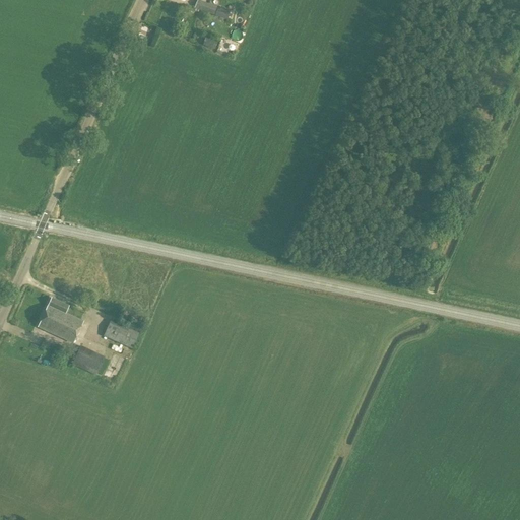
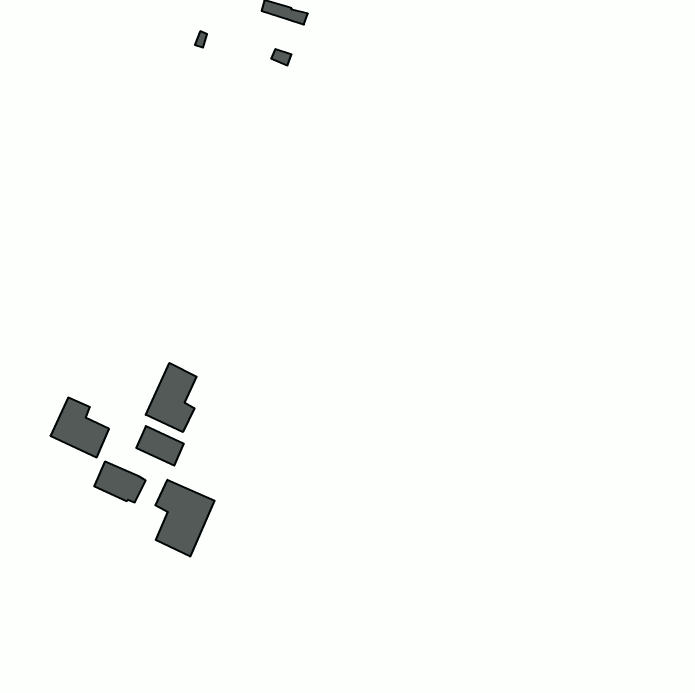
building: none -> [146,363,197,432]
building: none -> [155,480,215,557]

